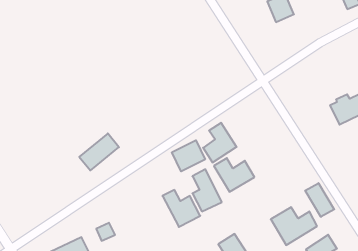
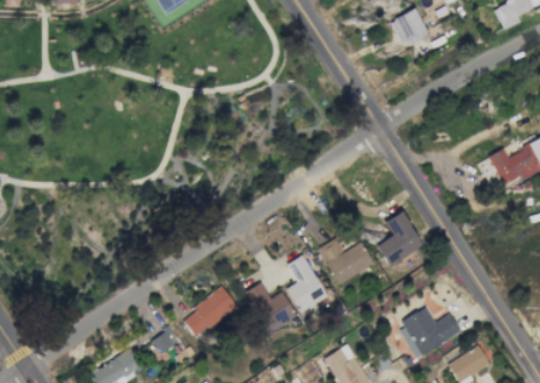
building: [203,123,237,162] -> [376,211,423,266]
building: [79,133,119,170] -> [183,287,238,338]
building: [172,140,205,171] -> none
building: [305,183,334,217] -> none

